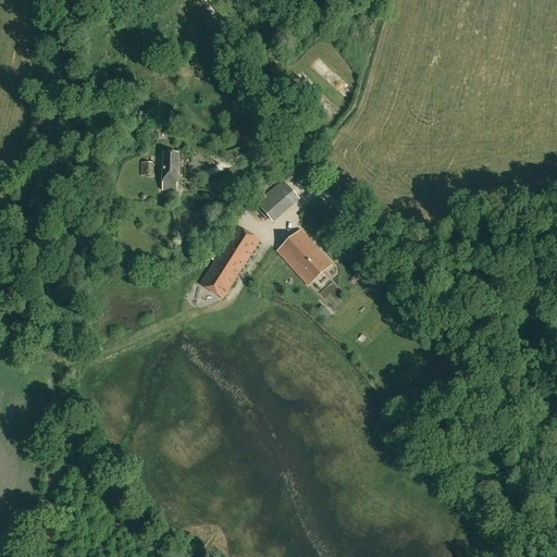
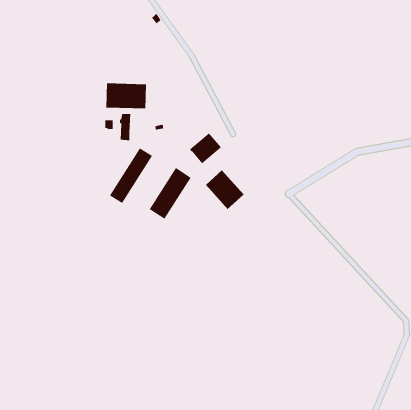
building: none -> [106,83,147,109]
building: none -> [109,148,153,204]

